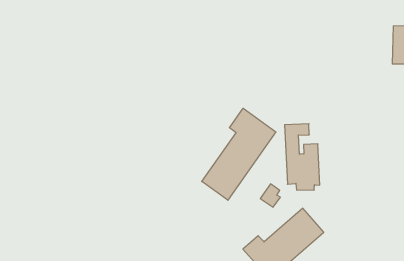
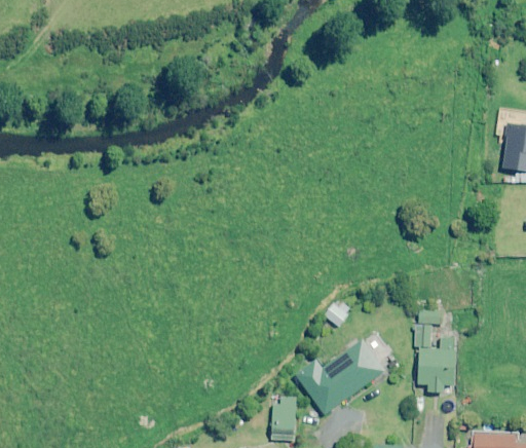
building: [202,108,276,200] -> none
building: [285,124,320,190] -> [414,310,456,394]

